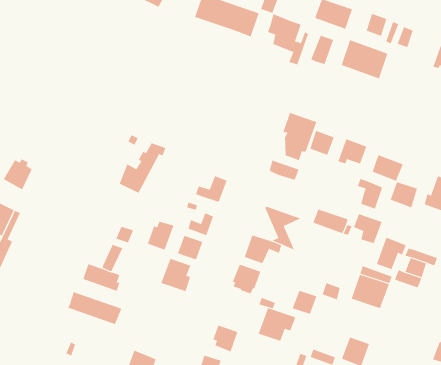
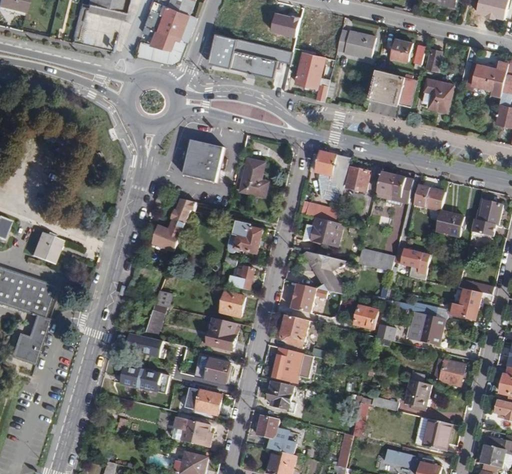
building: [311,35,334,65] -> none
building: none -> [423,78,453,112]
building: none -> [182,142,224,183]
building: none -> [240,159,267,197]
building: none -> [227,220,251,253]
building: none -> [305,218,343,246]
building: [357,178,383,209] -> none
building: [147,221,174,250] -> none
building: [376,237,406,270] -> none
building: [292,290,317,314] -> [354,305,379,329]
building: none -> [194,356,231,384]
building: [258,307,296,341] -> [271,348,309,382]
building: none -> [433,357,466,386]
building: none -> [185,387,223,415]

